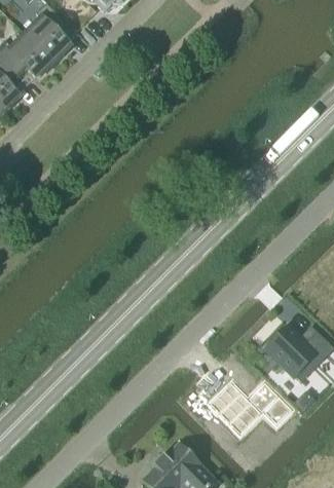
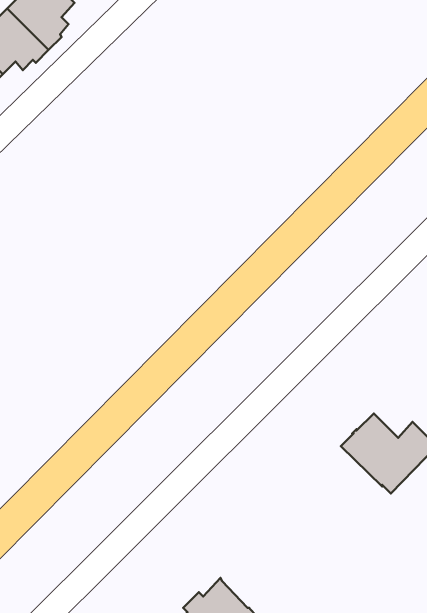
building: [209,378,295,434] -> none

